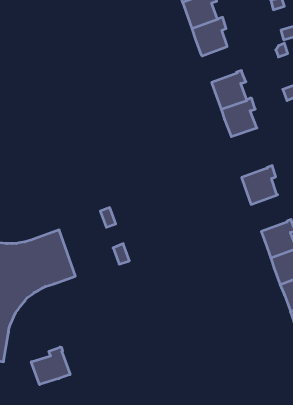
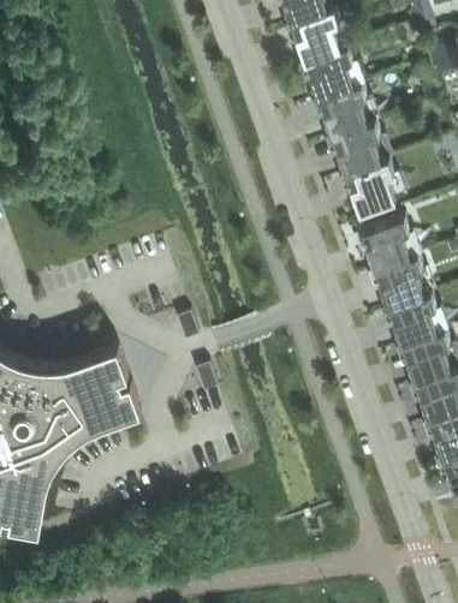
building: none -> [321,92,370,147]
building: none -> [363,226,412,280]
building: none -> [391,302,440,356]
building: [31,347,70,385] -> none

